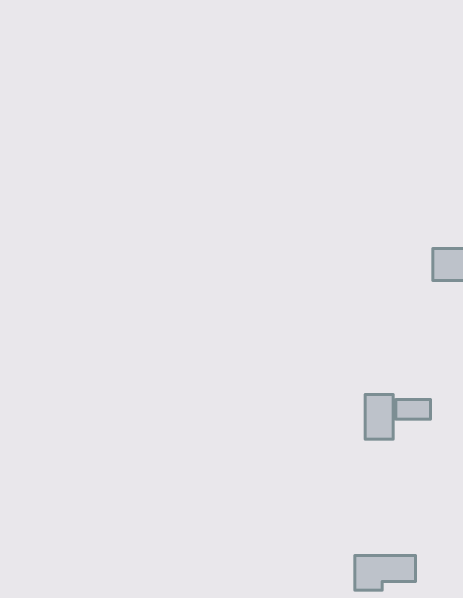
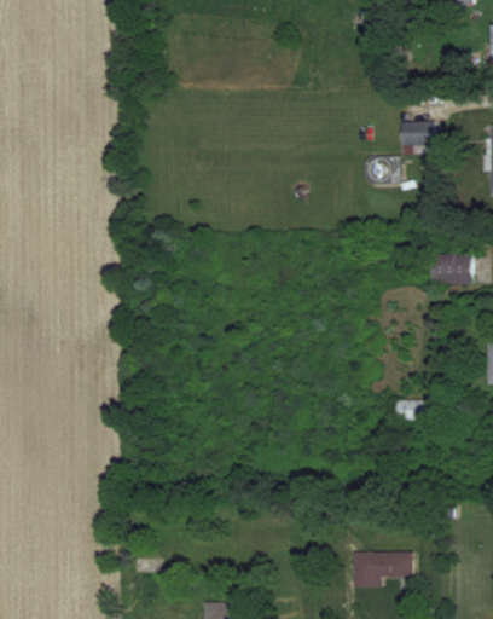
building: none -> [401,122,434,154]
building: [365,395,393,439] -> none

